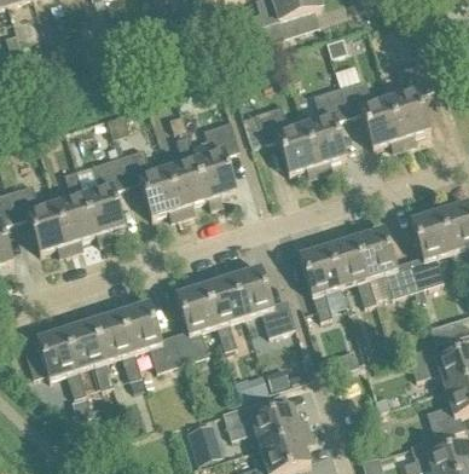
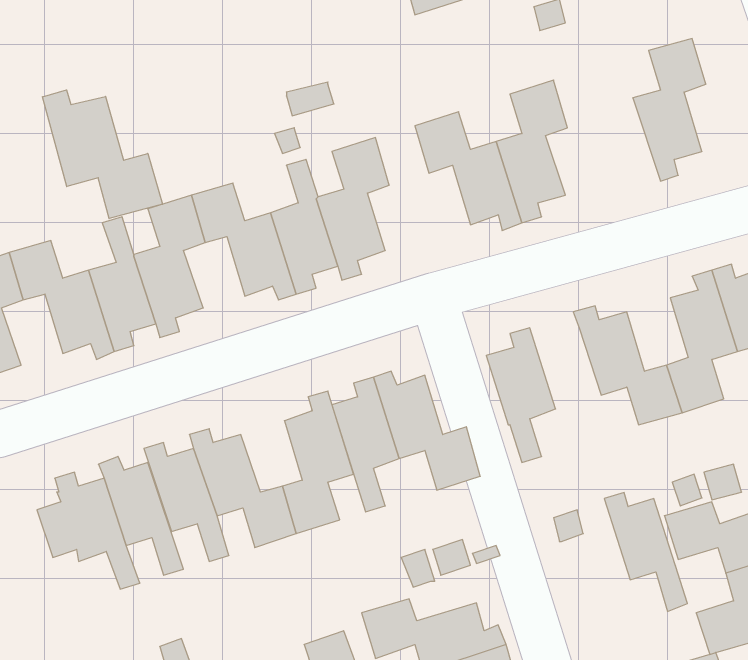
building: [340,79,405,151] -> none
building: none -> [42,90,163,219]
building: [325,233,376,306] -> [604,493,687,611]

